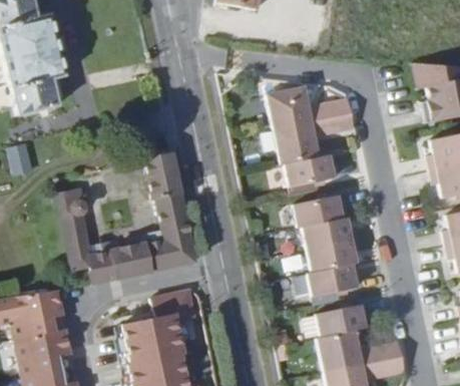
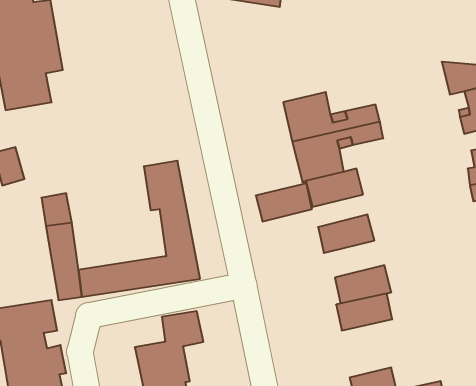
building: [305,223,355,257] -> [256,183,312,221]
building: [322,312,372,345] -> none

